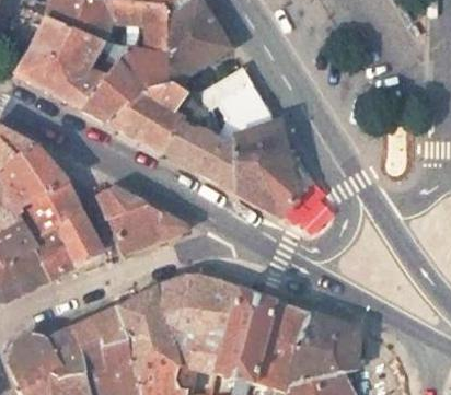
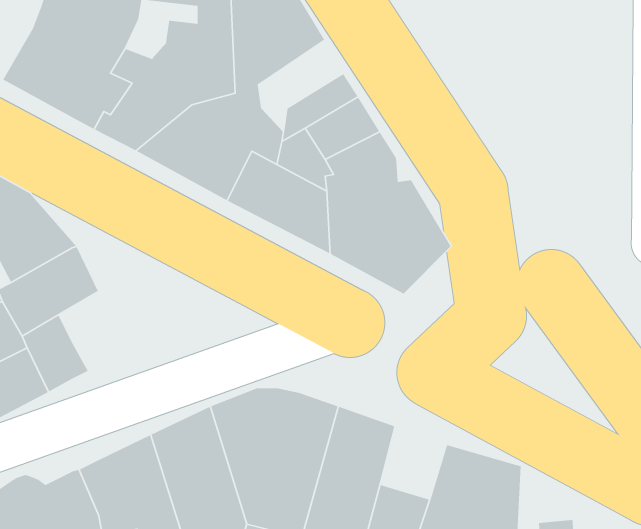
building: [97,186,188,252] -> none
building: [55,212,102,265] -> none
building: [266,301,310,349] -> none

